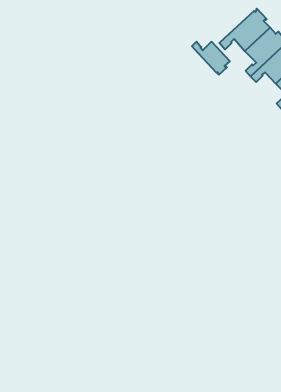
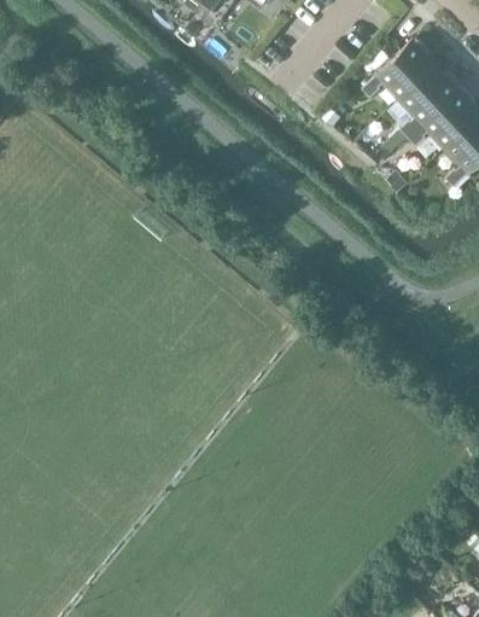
building: [192,42,230,75] -> none

